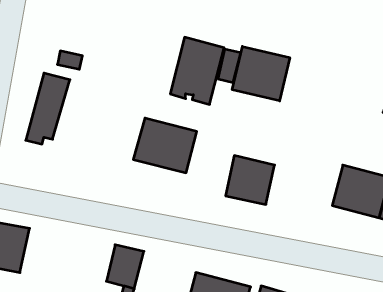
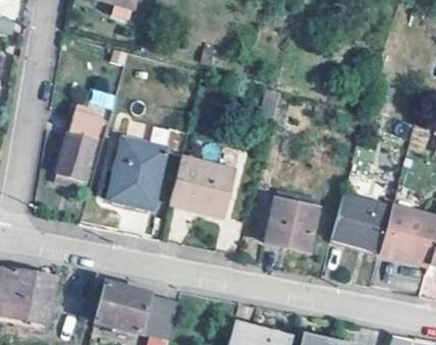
building: [170,37,224,104] -> [109,138,166,210]
building: [232,46,290,101] -> none
building: none -> [332,195,391,251]
building: none -> [96,281,150,332]

